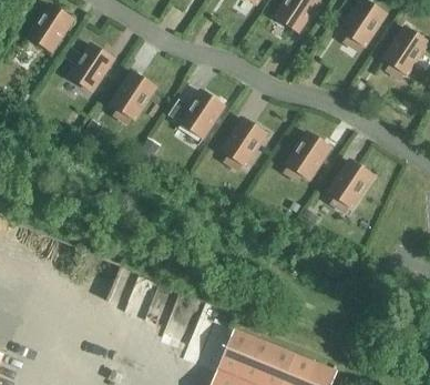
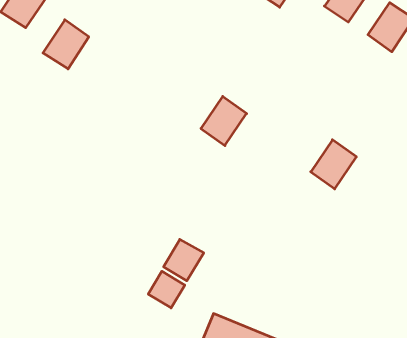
building: [110,72,154,119] -> none
building: [167,90,223,138] -> none
building: [285,132,329,179] -> none
building: none -> [164,239,204,281]

